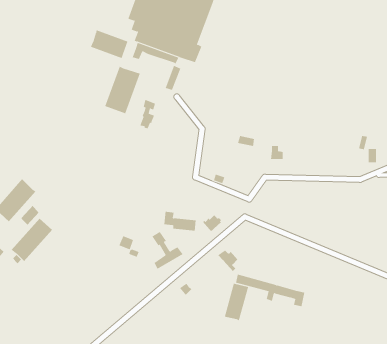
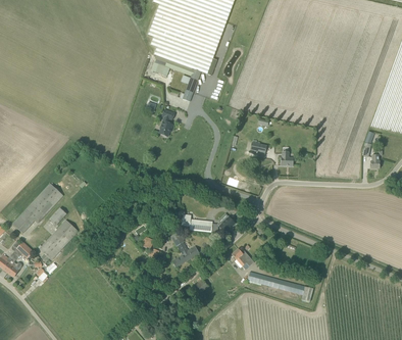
building: [90,30,128,59] -> none
building: [104,66,141,114] -> none
building: [224,283,249,321] -> none

